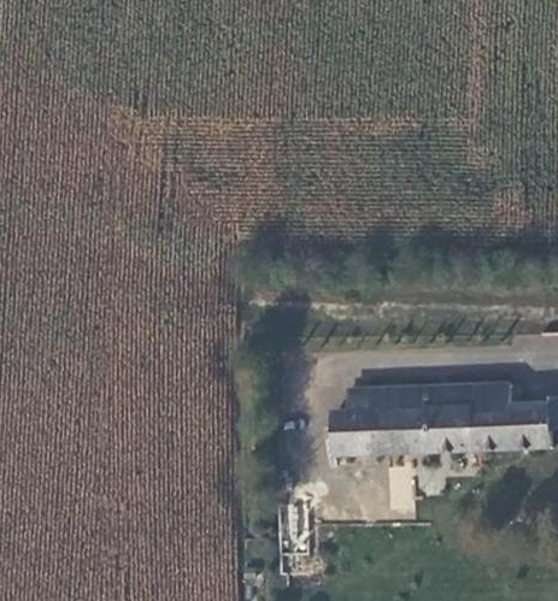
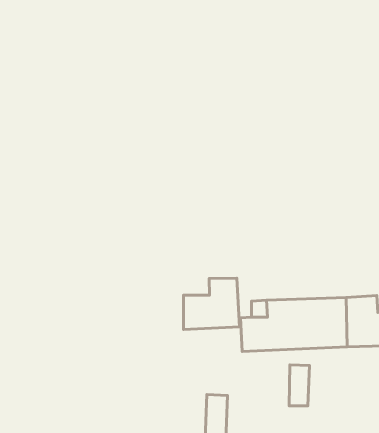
building: none -> [184,278,239,329]

